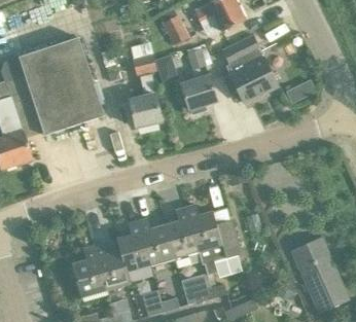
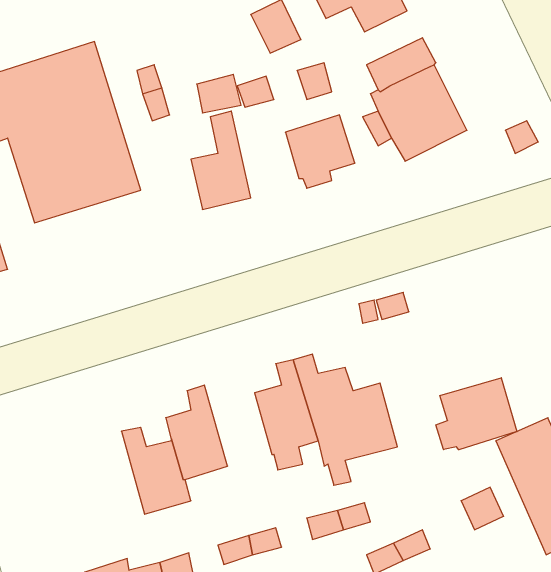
building: none -> [436,378,517,450]
building: [137,218,173,264] -> none
building: [72,246,105,297] -> none

